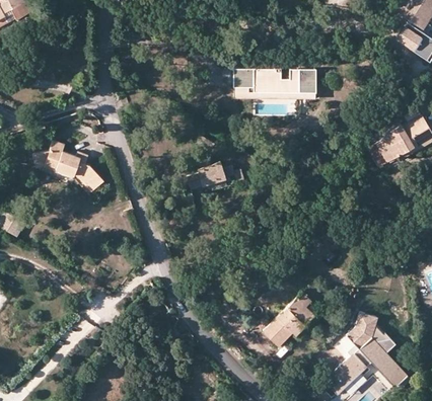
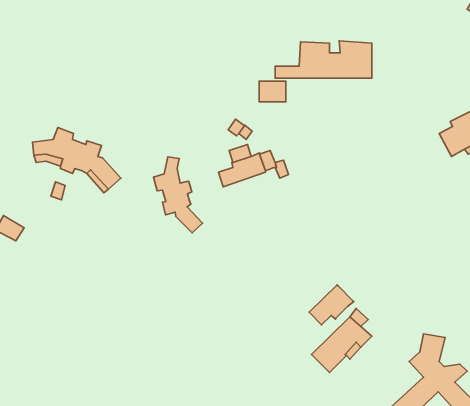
building: [231,70,254,87] -> [259,81,286,102]
building: none -> [153,157,203,233]
building: none -> [309,285,354,325]

